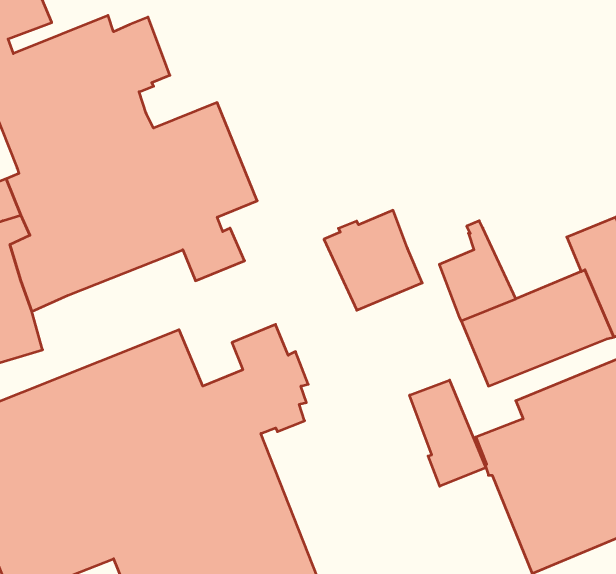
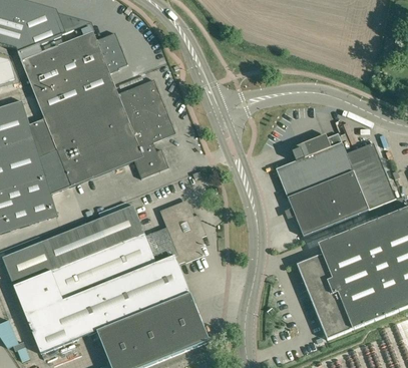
building: [324,210,422,310] -> [300,132,354,188]
building: [410,380,486,486] -> none

